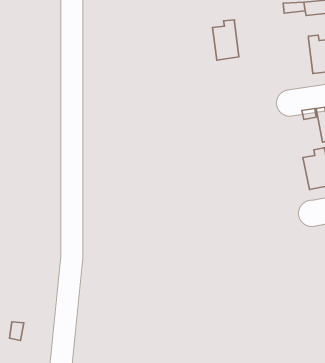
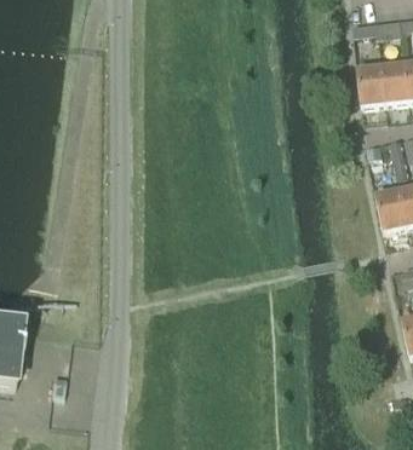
building: [213,20,239,60] -> [357,60,386,105]

